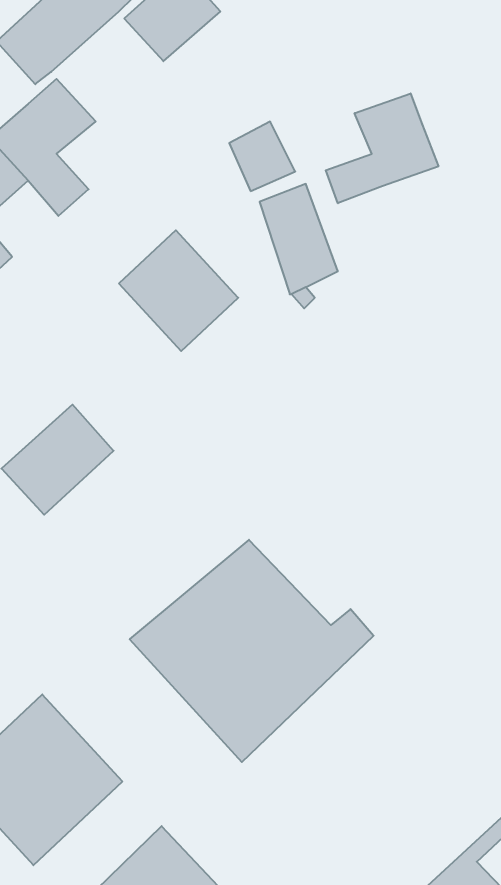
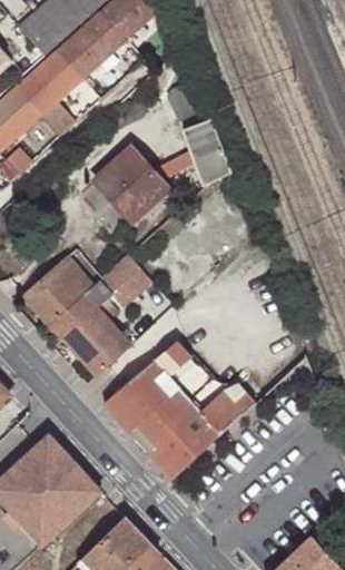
building: none -> [57,13,124,78]
building: [326,93,438,203] -> none
building: none -> [49,254,152,376]

